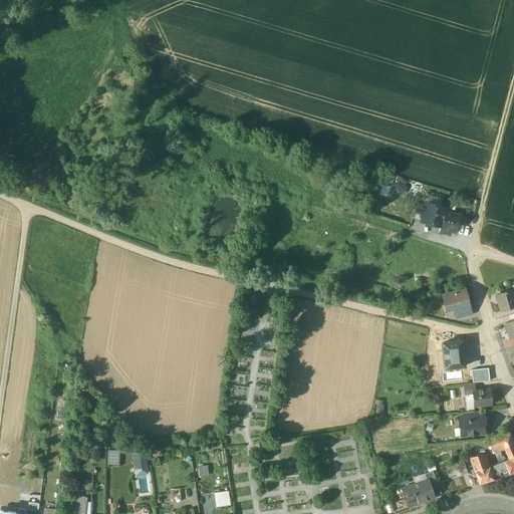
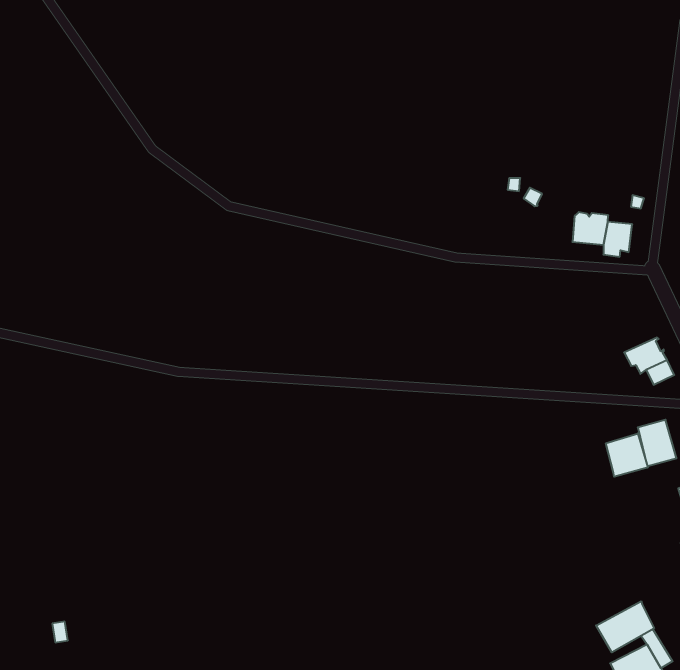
building: none -> [606,433,648,477]
building: none -> [596,601,654,652]

